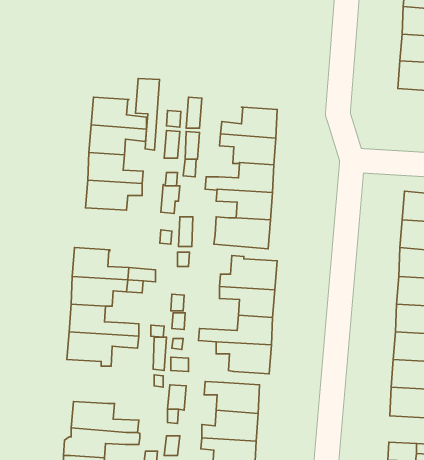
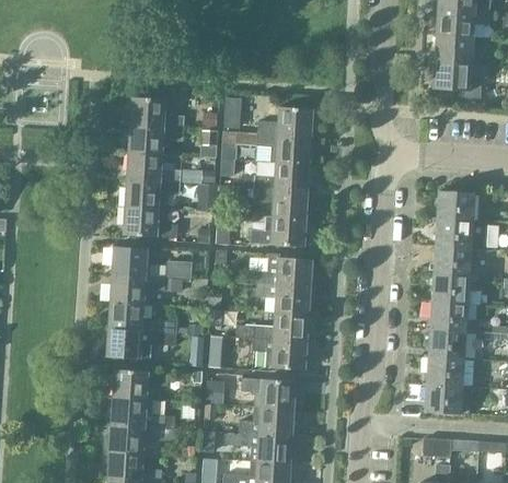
building: [136,79,160,150] -> none
building: none -> [123,207,177,238]
building: none -> [112,369,168,400]

